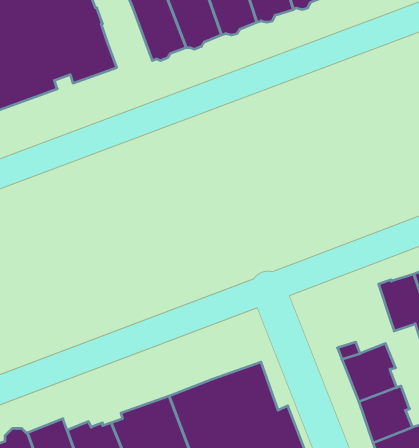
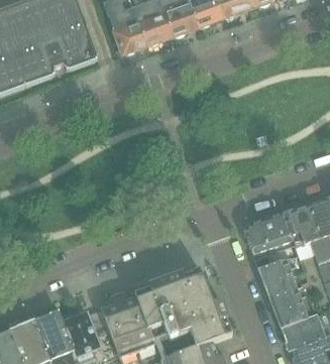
building: none -> [244,213,293,253]

